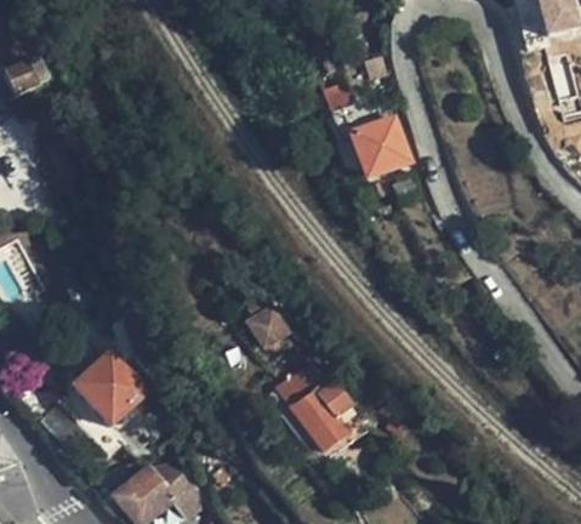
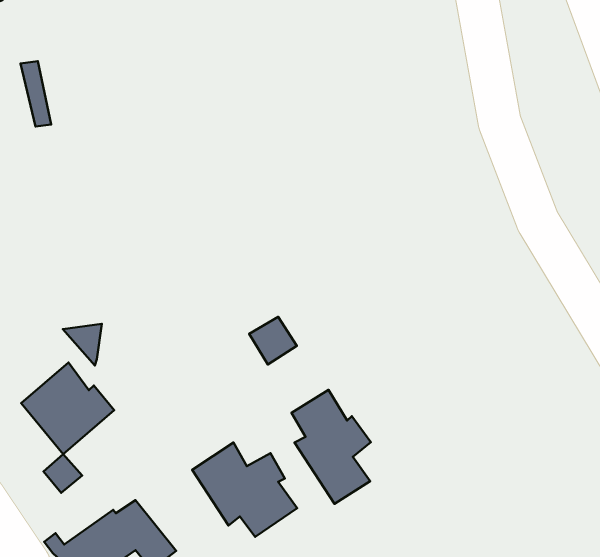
building: [354,115,411,171] -> none
building: none -> [192,443,297,537]

